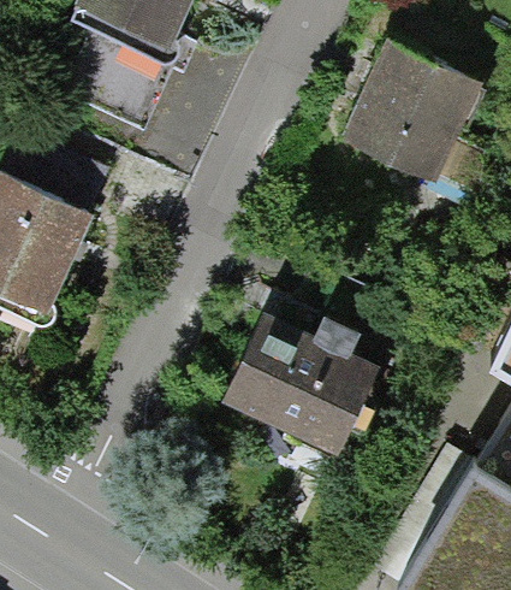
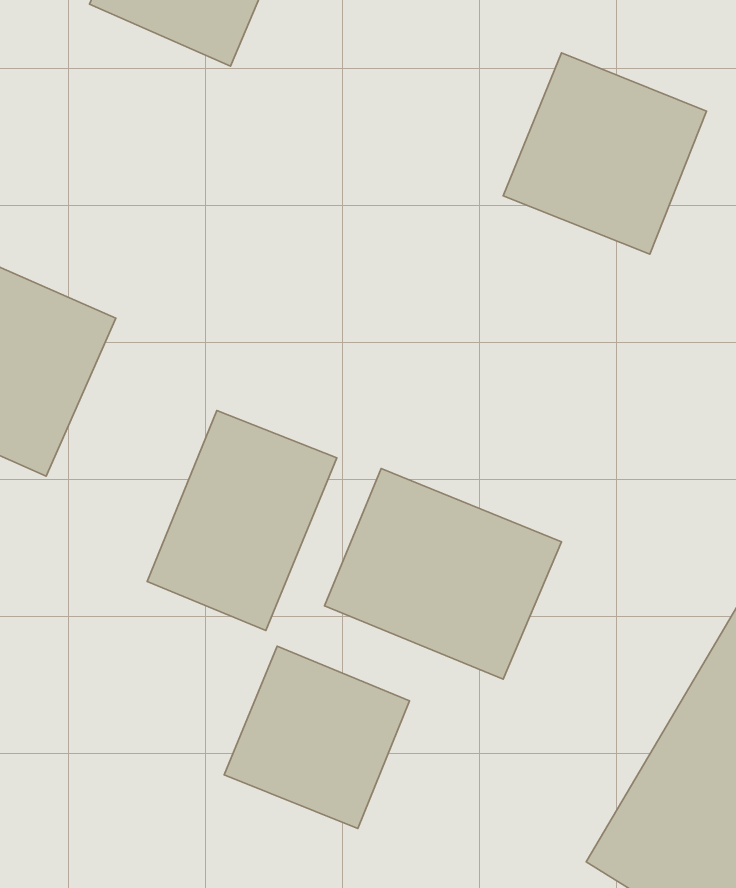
building: none -> [147,410,337,631]
building: none -> [224,646,410,828]

